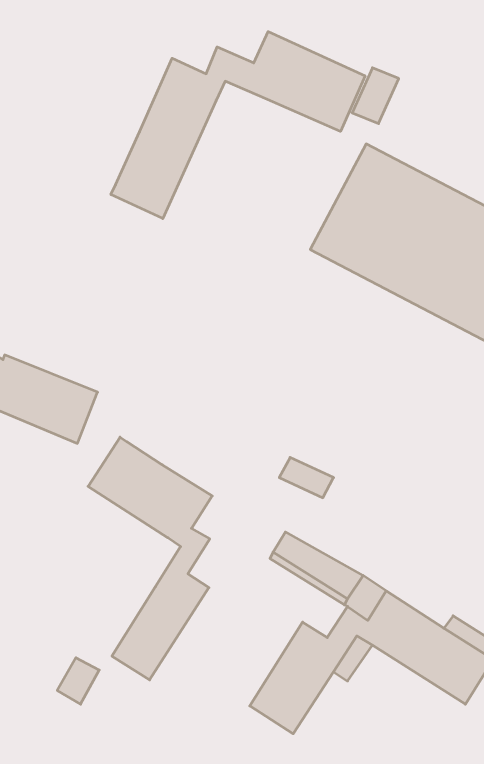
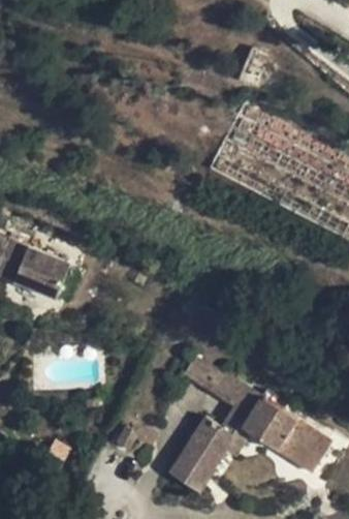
building: [111,32,365,219] -> none
building: [88,437,212,680] -> none

